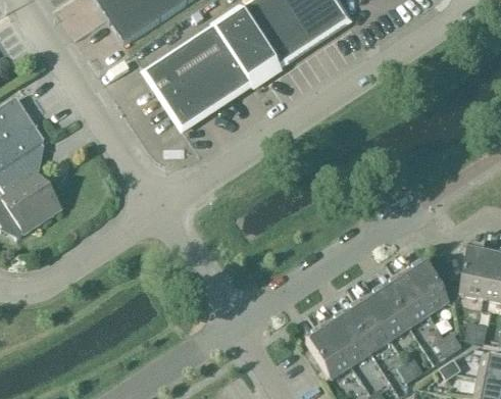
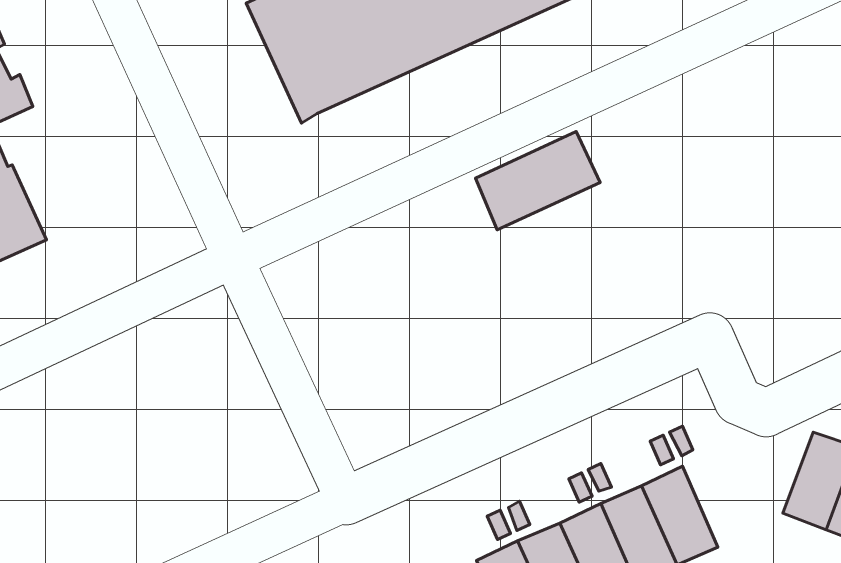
building: none -> [476,132,600,230]
building: [404,260,449,312] -> none

